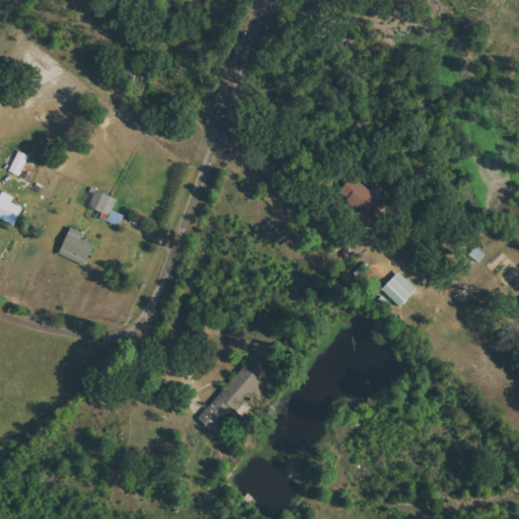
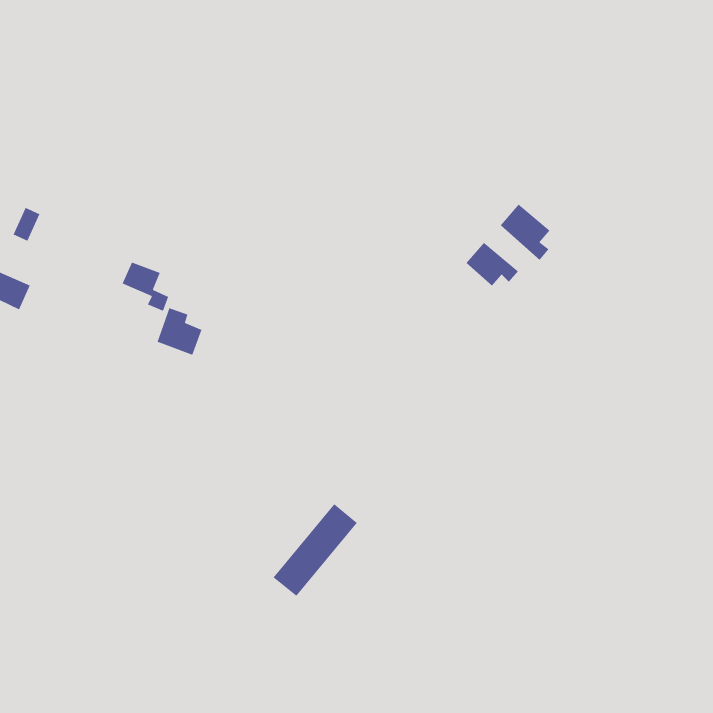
building: none -> [500,204,550,261]
building: [59,227,92,263] -> [156,307,203,356]
building: [381,271,416,306] -> none

